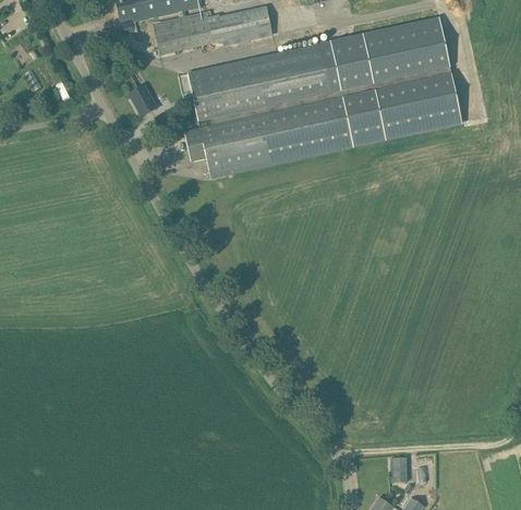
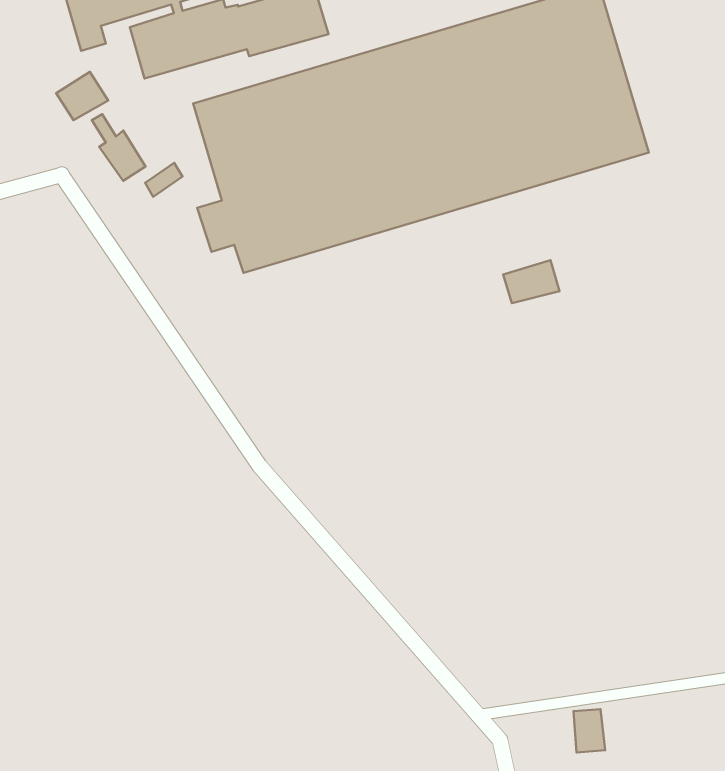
building: none -> [56,72,108,120]
building: none -> [503,260,560,303]

